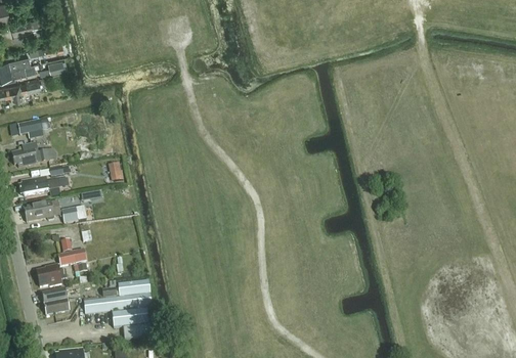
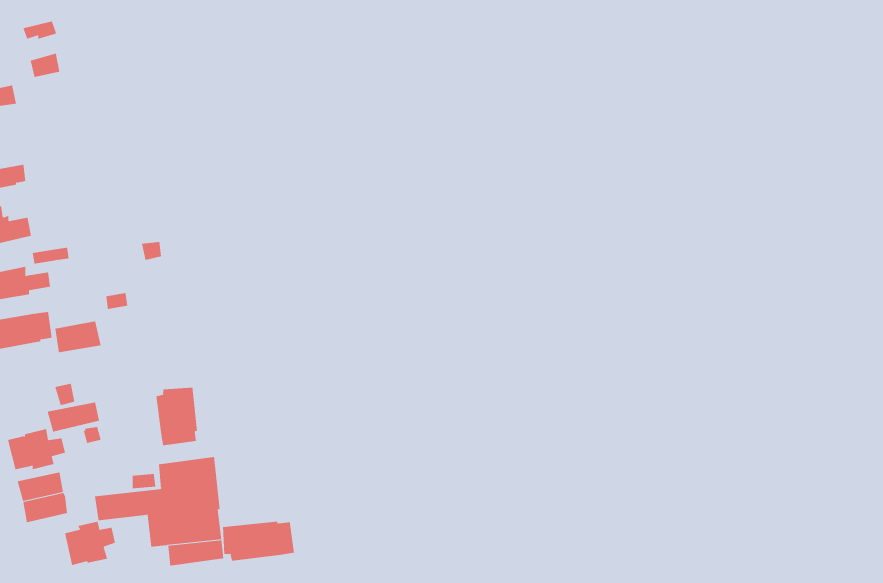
building: none -> [156,387,198,446]
building: none -> [222,521,295,561]
building: none -> [64,521,115,566]

